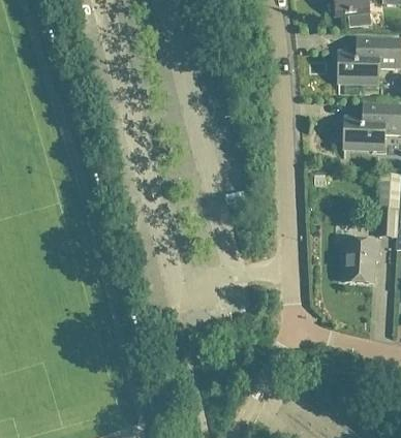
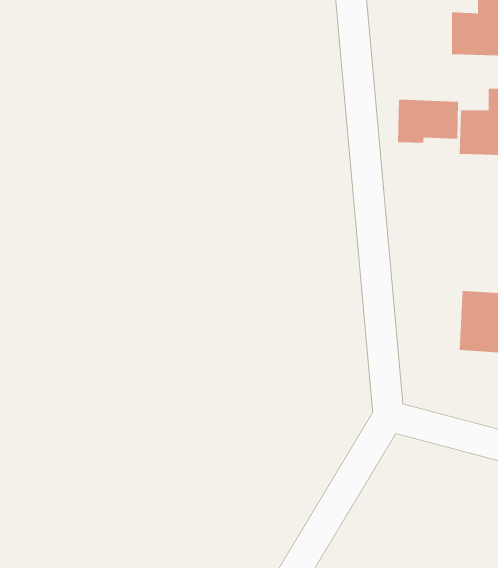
building: none -> [397,99,458,144]

